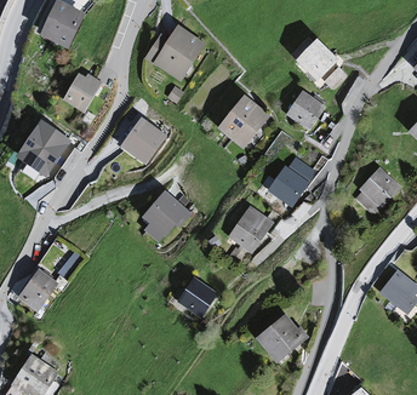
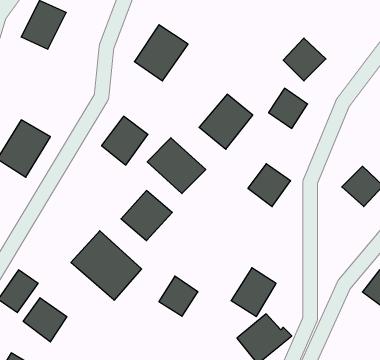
building: [62,71,101,114] -> none
building: none -> [147,138,206,194]
building: [228,205,273,253] -> [231,268,276,316]
building: none -> [71,231,142,300]
building: none -> [23,298,67,342]

